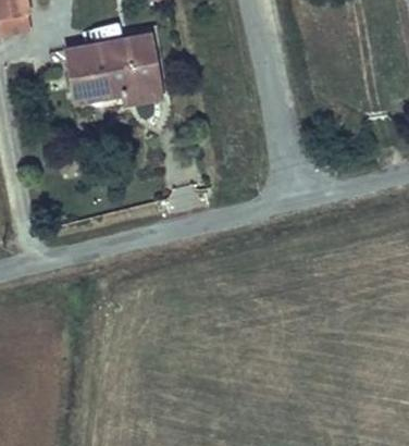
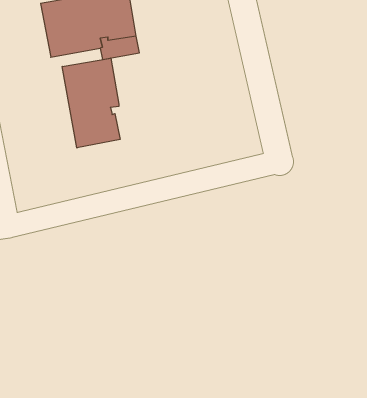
building: none -> [62,58,120,148]

